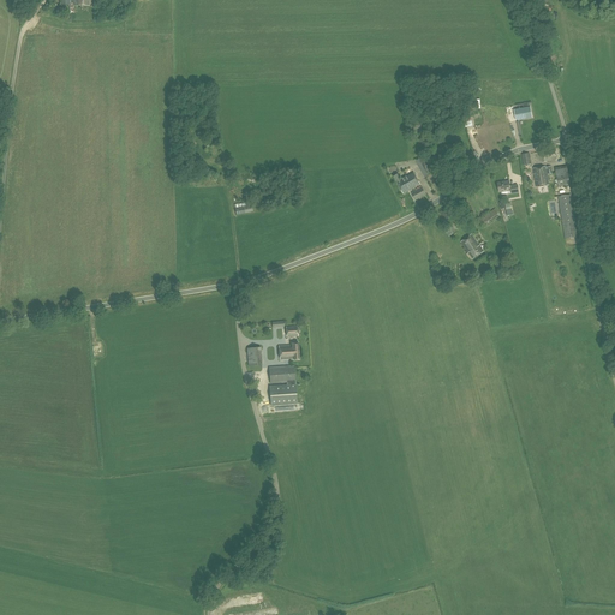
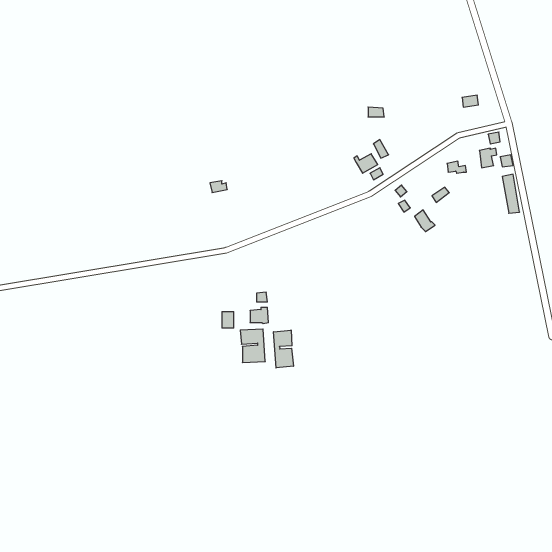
building: none -> [274,330,293,368]

